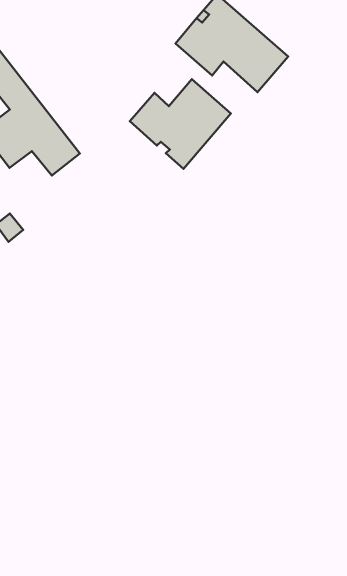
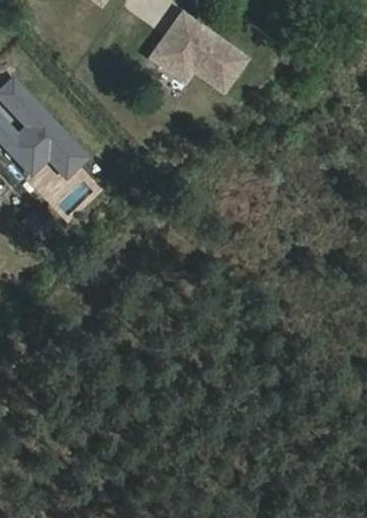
building: [130,79,231,169] -> none

